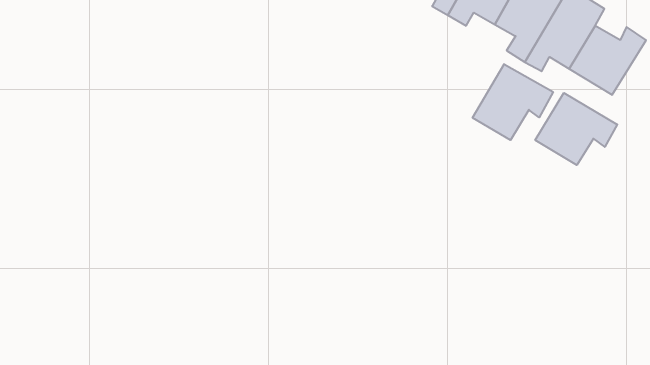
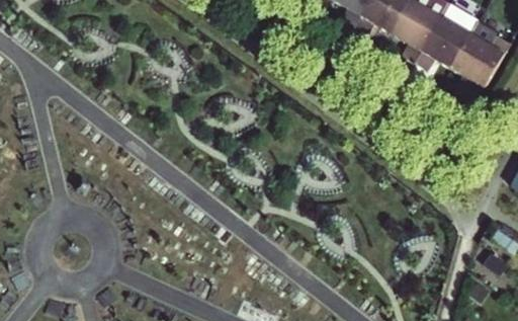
building: [473,64,553,140] -> none
building: [535,93,617,165] -> none

